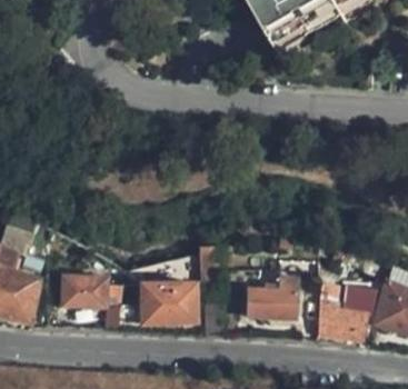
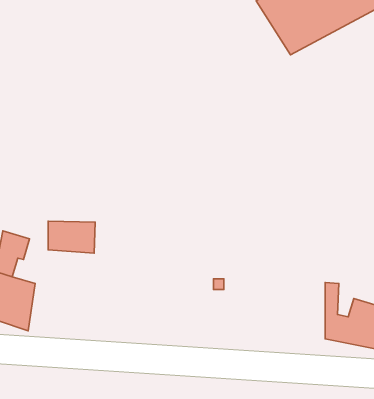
building: [61,275,107,306] -> [48,221,95,253]
building: [245,275,295,318] -> none
building: [141,282,198,320] -> none

